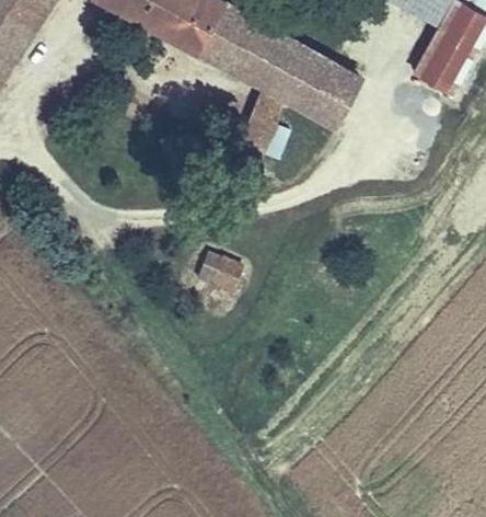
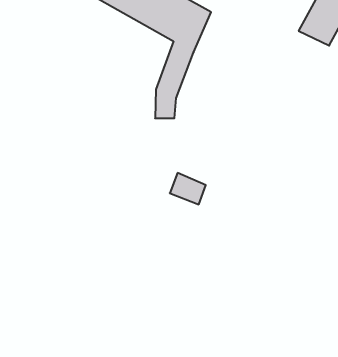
building: [285,50,358,126] -> none
building: [198,254,243,294] -> [170,173,206,204]

